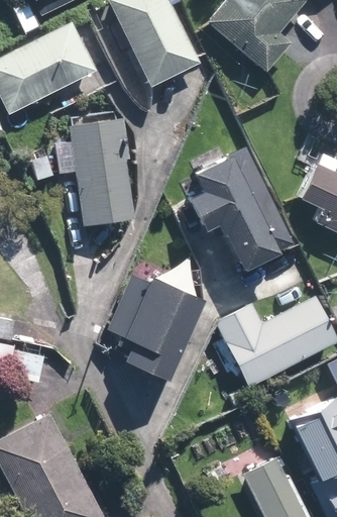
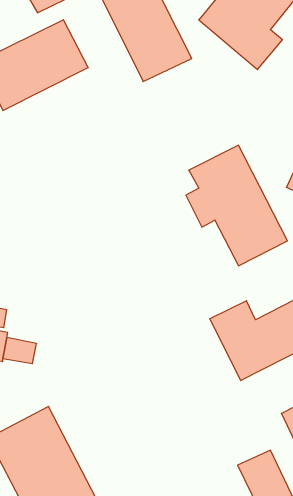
building: [70,117,135,226] -> none
building: [109,274,206,383] -> none

